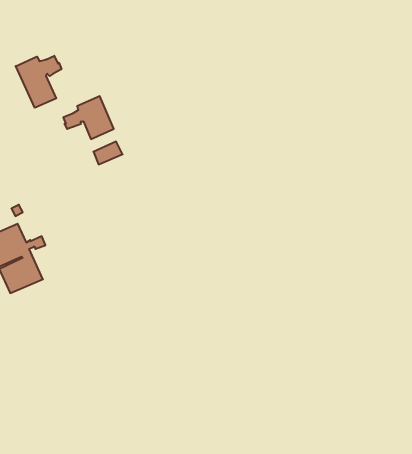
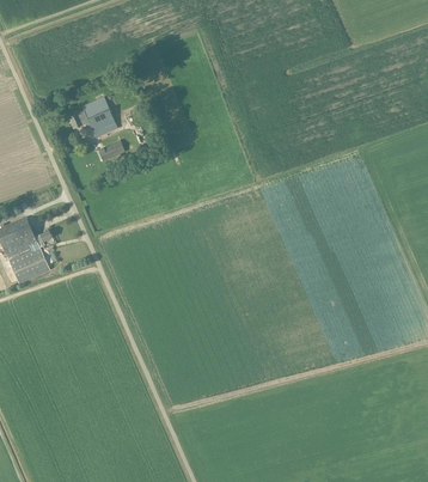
building: [16,56,61,108] -> none

